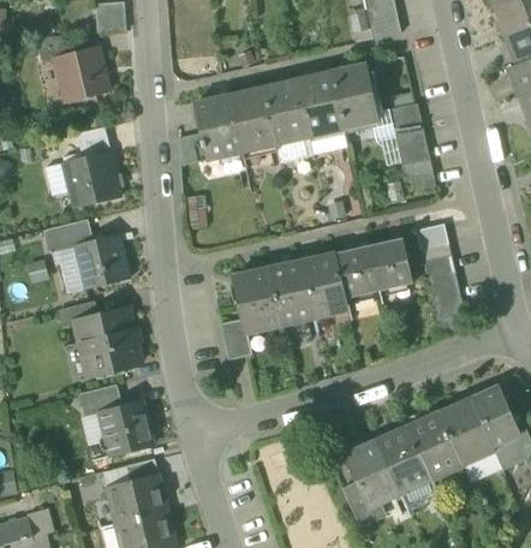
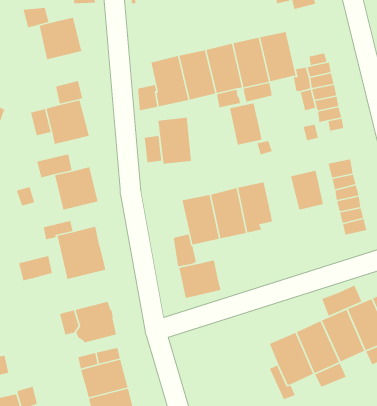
building: none -> [229,102,262,146]
building: none -> [157,117,192,165]
building: [52,244,85,293] -> none
building: [336,245,380,296] -> none
building: none -> [178,259,221,299]
building: none -> [321,284,363,317]
building: [79,383,123,416] -> [18,255,53,281]

